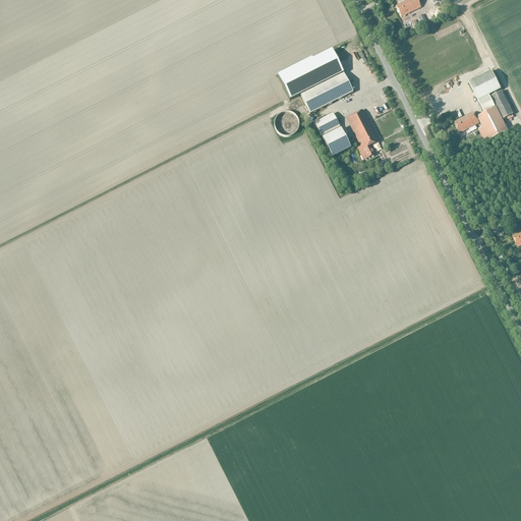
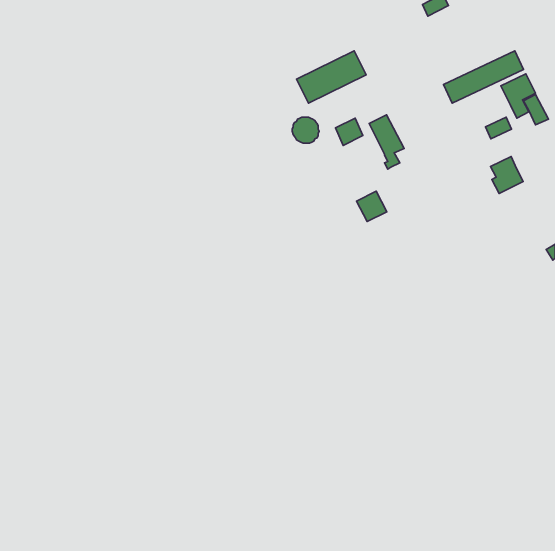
building: none -> [444,51,523,103]
building: [301,72,353,112] -> none
building: [477,106,508,140] -> [491,157,523,193]
building: [322,127,350,156] -> [356,191,387,222]

